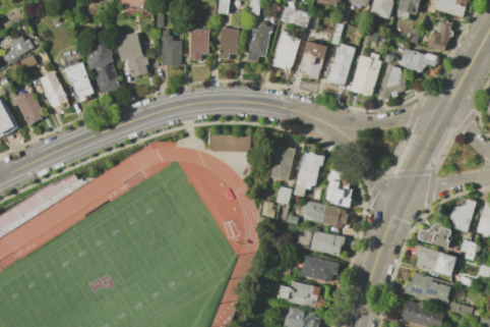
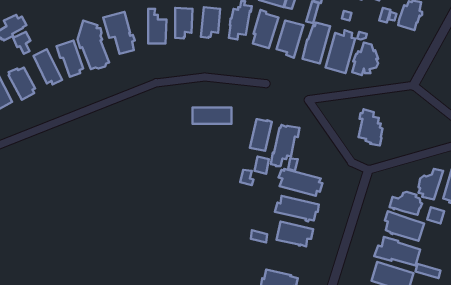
building: [397,49,438,72] -> none
building: [325,169,351,208] -> [359,109,383,146]
building: [275,281,324,311] -> none

